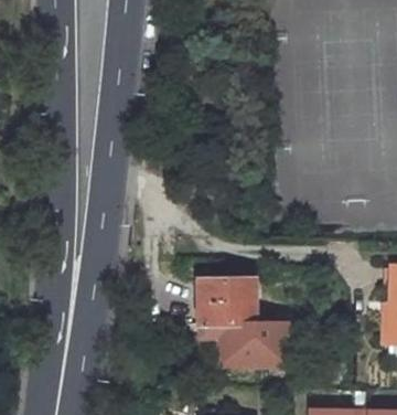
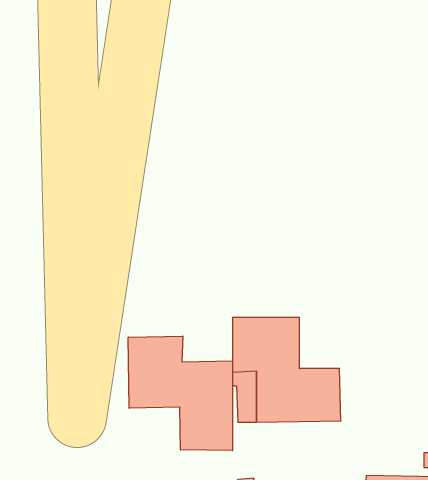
building: none -> [128,336,232,451]

